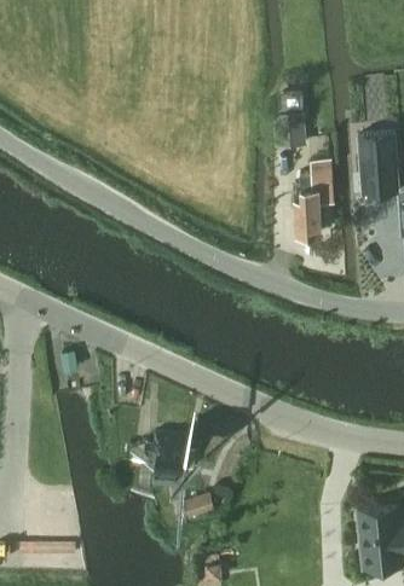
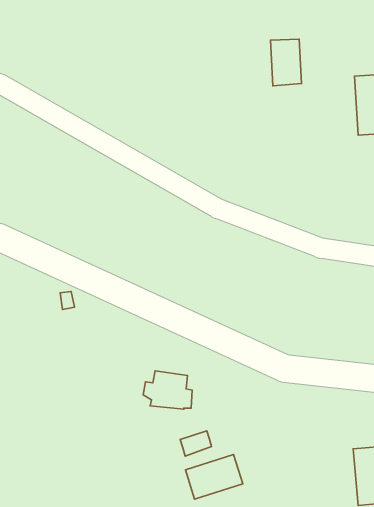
building: [293,161,334,237] -> none
building: none -> [185,454,243,499]

